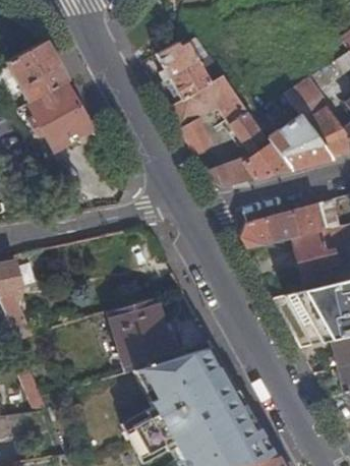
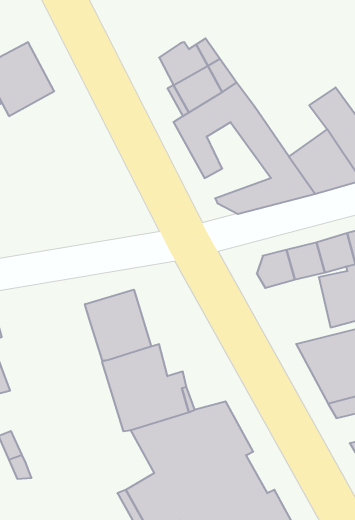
building: [30,81,94,151] -> none
building: none -> [85,290,151,361]

